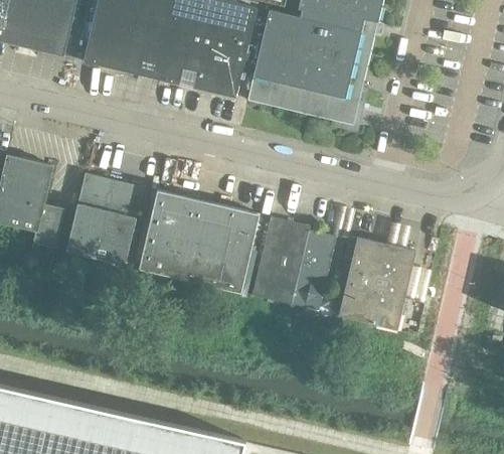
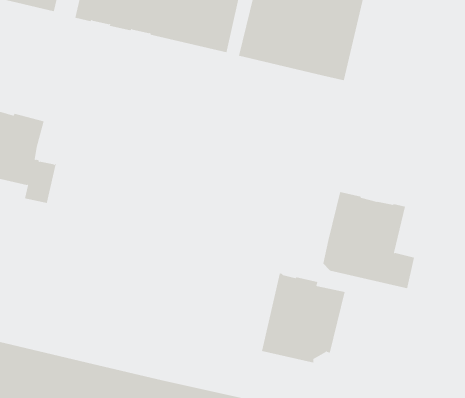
building: [66,172,142,264] -> none
building: [138,189,259,292] -> none
building: [251,216,336,307] -> [261,273,345,363]

